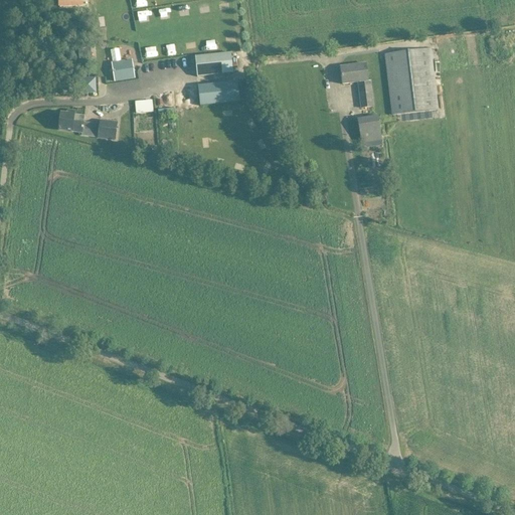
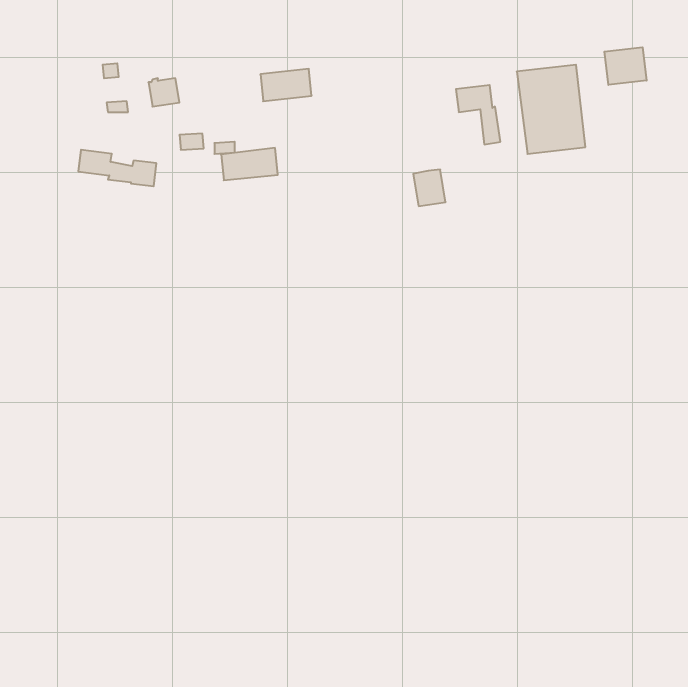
building: none -> [604,47,647,85]
building: [197,78,239,103] -> [221,148,278,180]
building: [357,116,381,143] -> [413,170,446,206]

